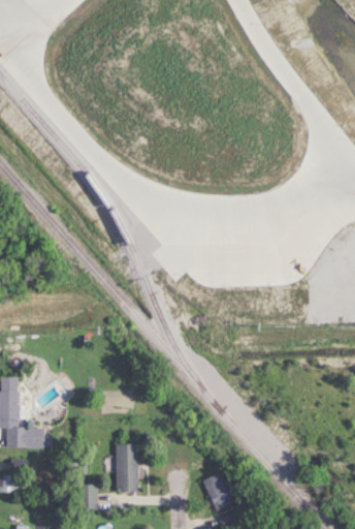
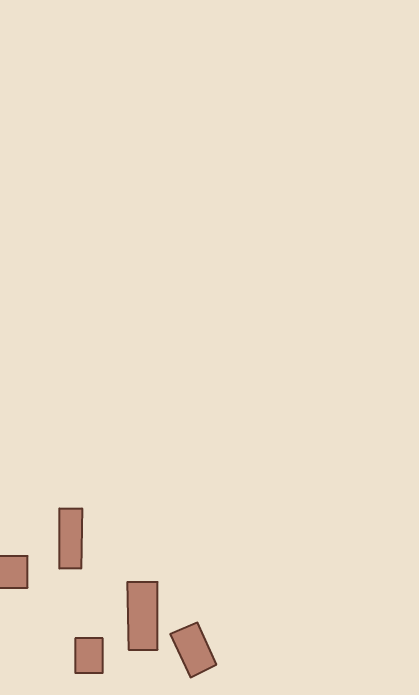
building: none -> [59,508,82,569]
building: [204,470,237,509] -> [170,623,216,677]

